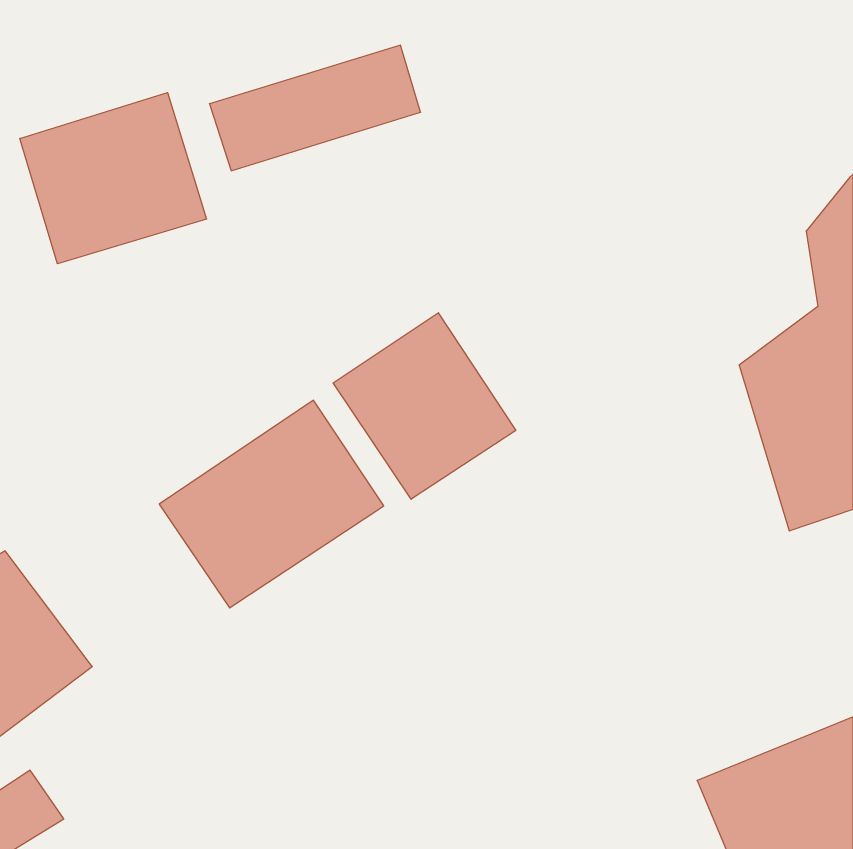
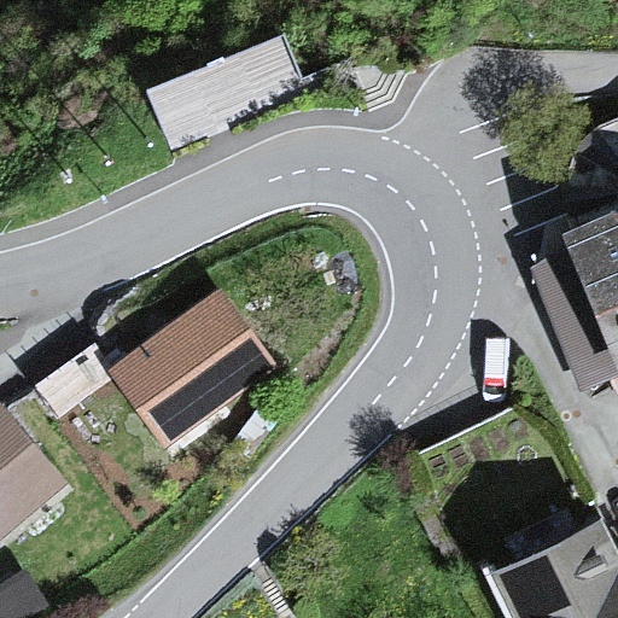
building: [20,93,206,264] -> none
building: [333,313,516,499] -> none

